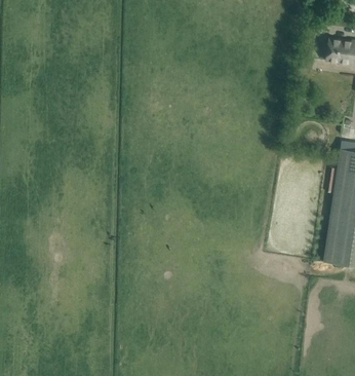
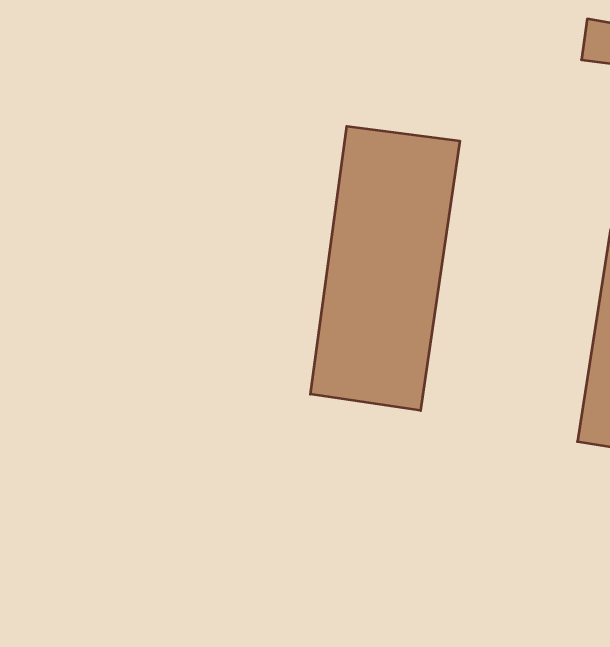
building: none -> [310,126,460,411]

